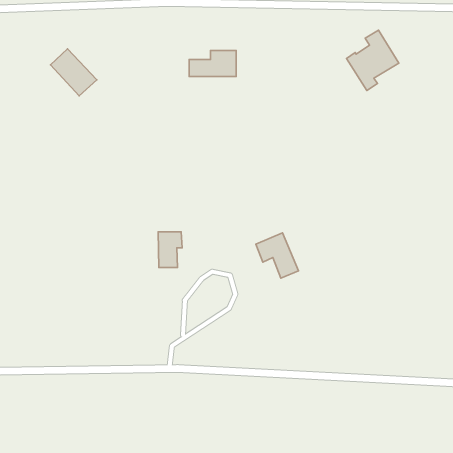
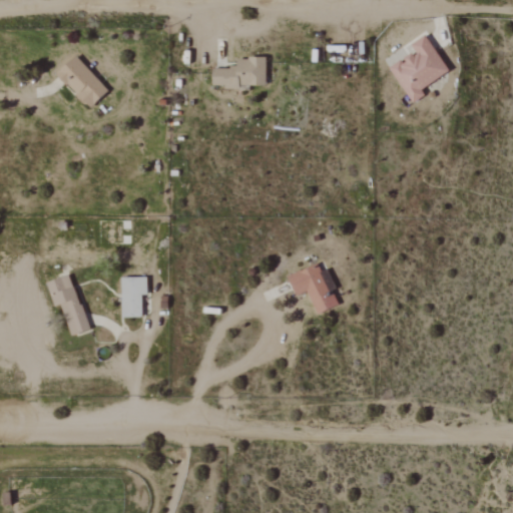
building: [158,232,182,267] -> [121,277,148,317]
building: none -> [47,275,88,335]

